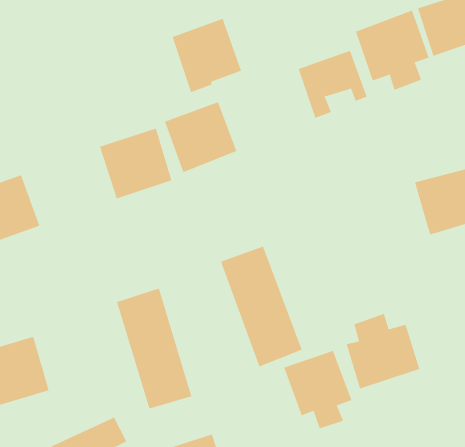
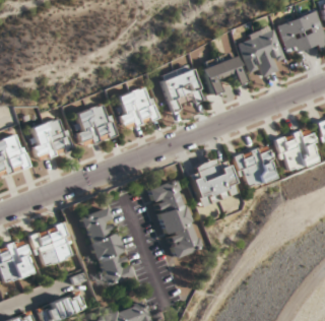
building: [172,18,242,93] -> [157,65,203,114]
building: none -> [24,116,72,163]
building: none -> [234,146,278,189]
building: none -> [28,222,75,269]
building: [346,313,420,389] -> [190,158,239,208]
building: [284,350,352,429] -> none

